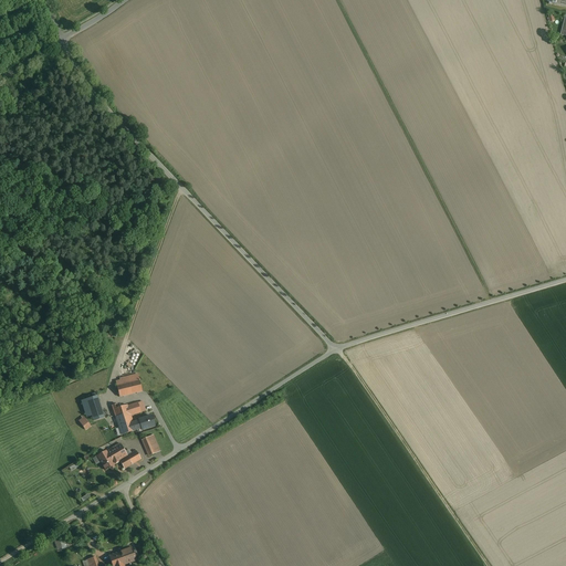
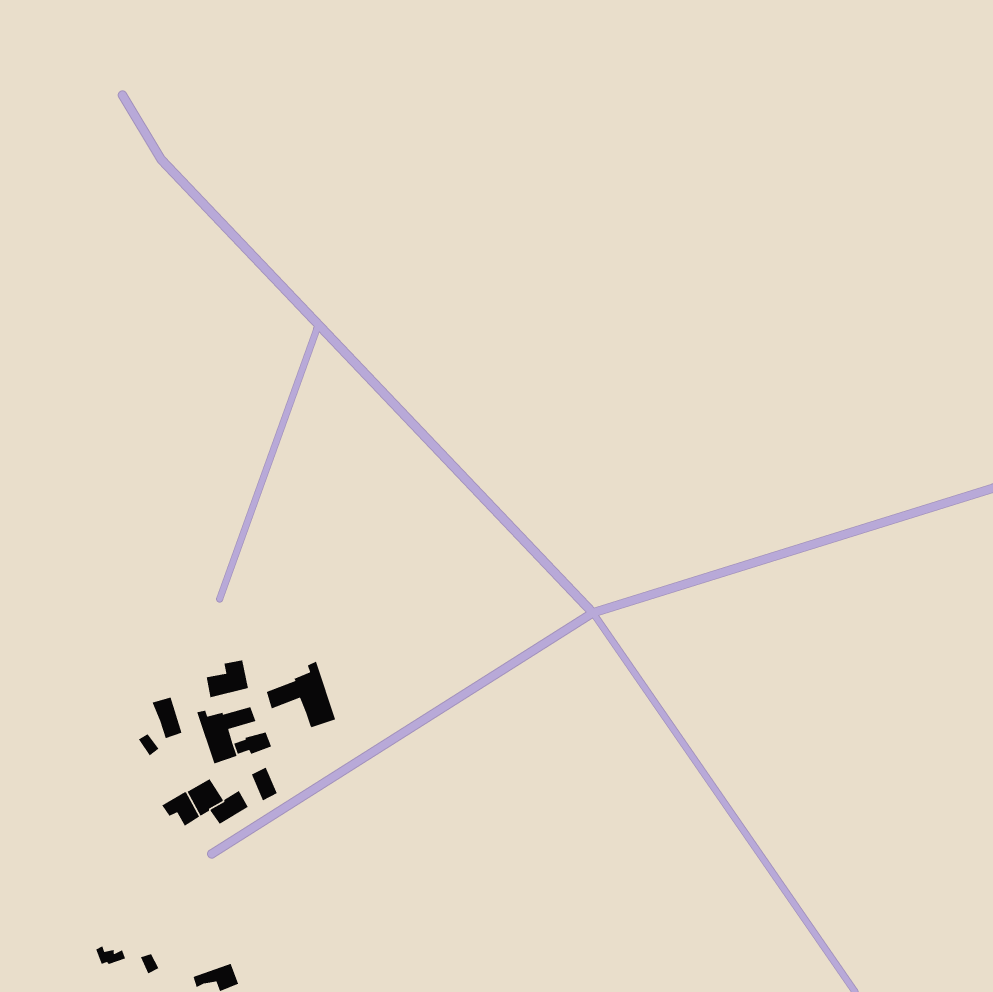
building: none -> [266,661,336,728]

